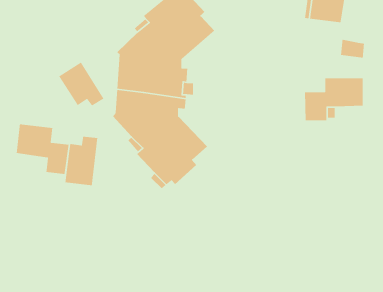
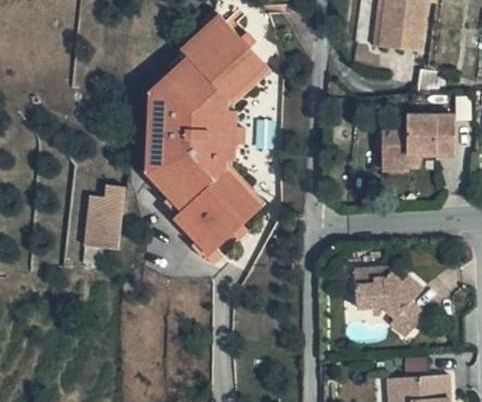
building: [58,62,105,107] -> none
building: [16,123,69,175] -> none
building: none -> [355,266,426,335]

